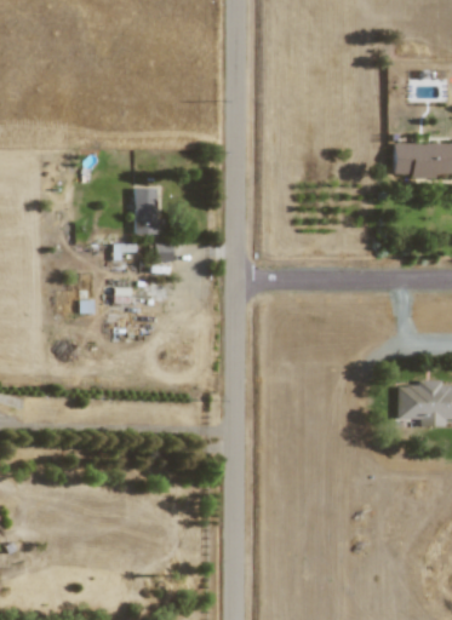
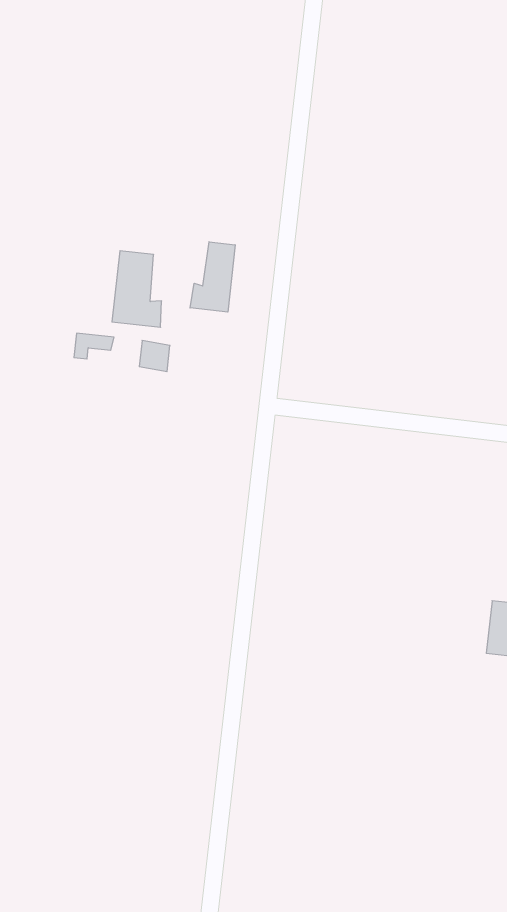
building: none -> [190,242,235,312]

